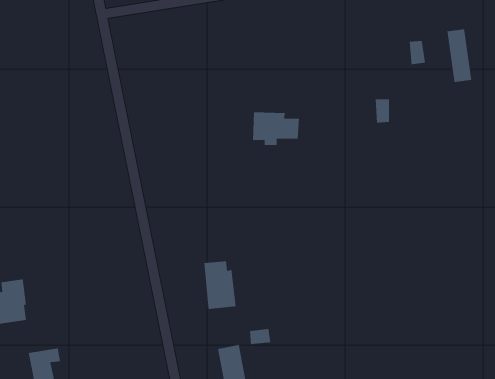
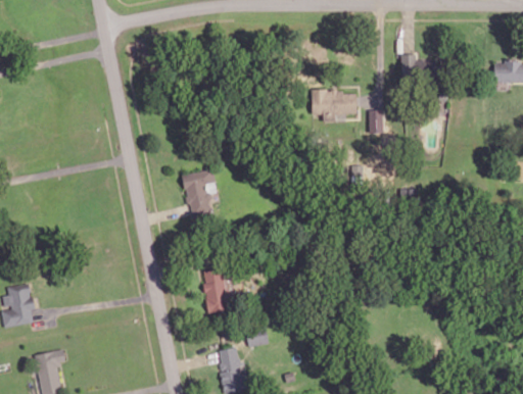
building: [447,28,472,83] -> none
building: [252,112,300,146] -> [312,88,358,120]
building: none -> [183,170,215,216]

